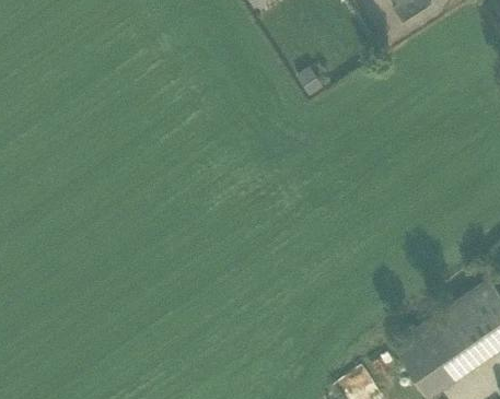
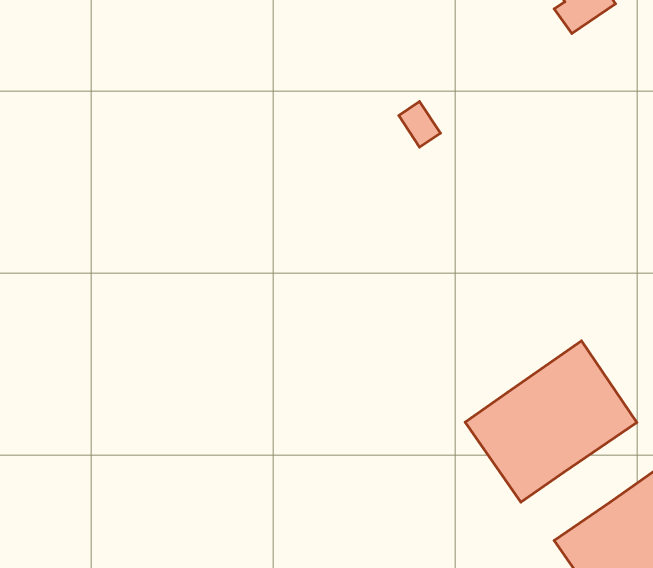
building: none -> [465,341,637,502]

